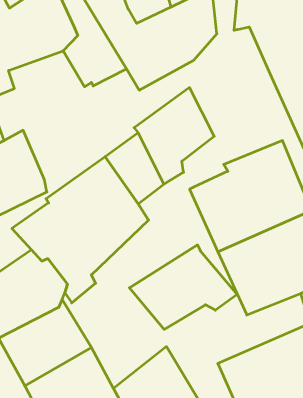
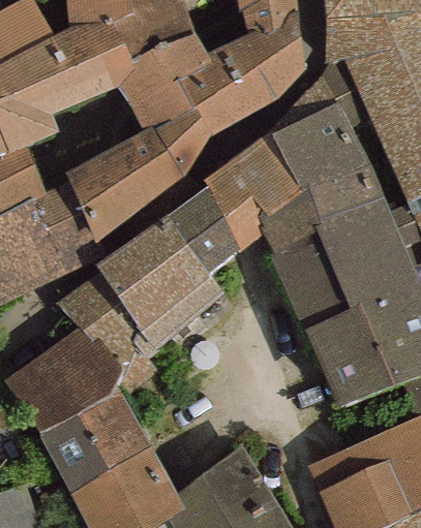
building: none -> [261,59,383,253]
building: none -> [64,110,209,244]
building: [129,245,237,329] -> none

